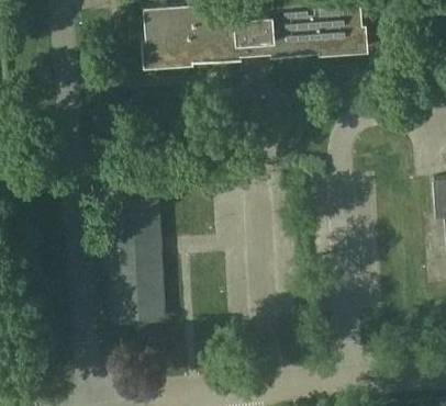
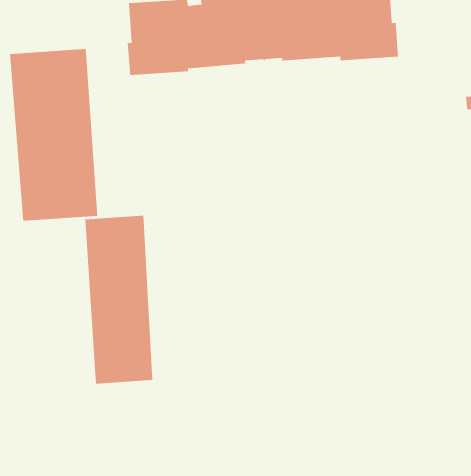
building: none -> [9,48,98,221]

